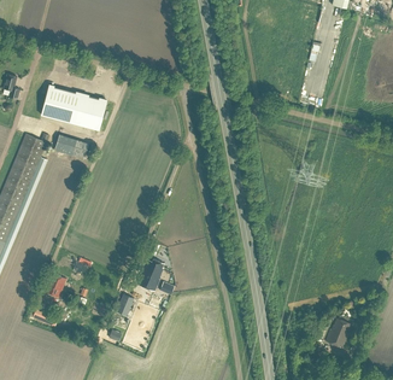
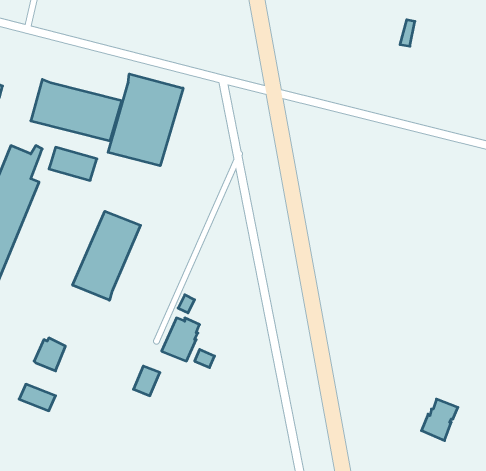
building: none -> [108,74,183,166]
building: none -> [73,211,141,300]

